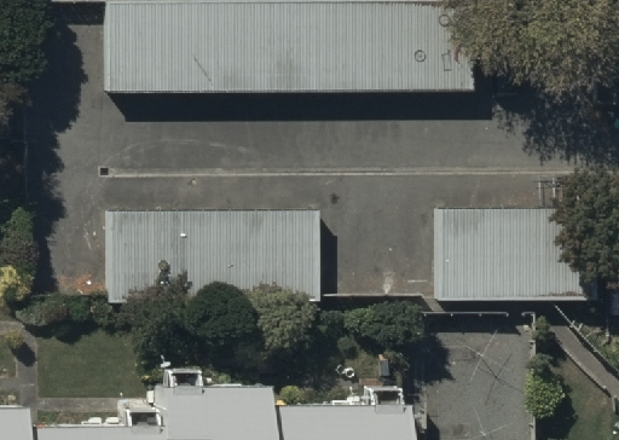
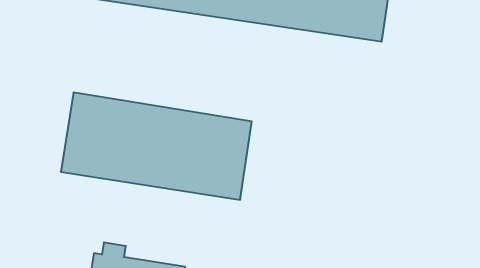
building: [435,205,584,296] -> none

